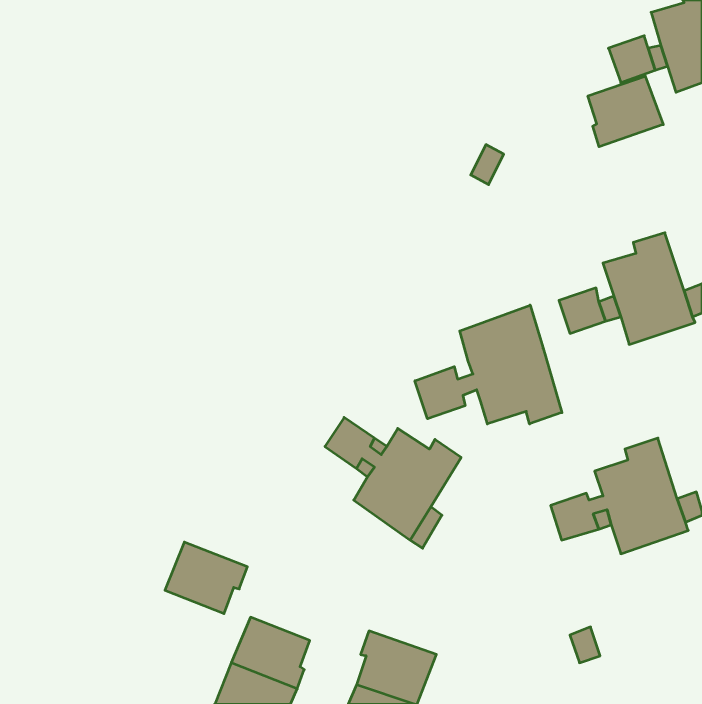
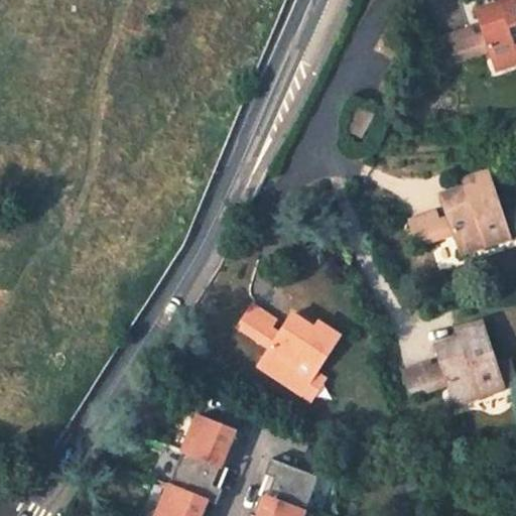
building: [588,76,663,147] -> none
building: [415,305,562,424] -> none
building: [165,542,247,614] -> [183,416,244,469]

